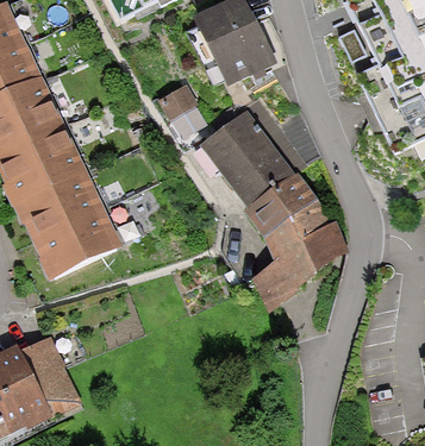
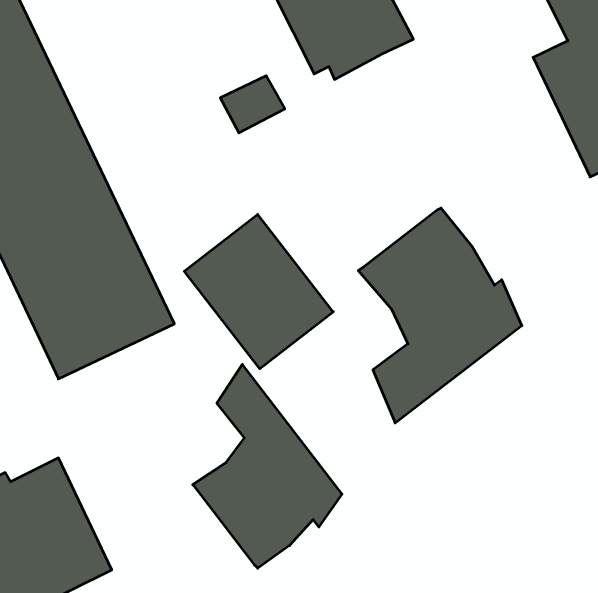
building: [198,109,294,209] -> [184,214,333,369]
building: none -> [193,364,342,568]

